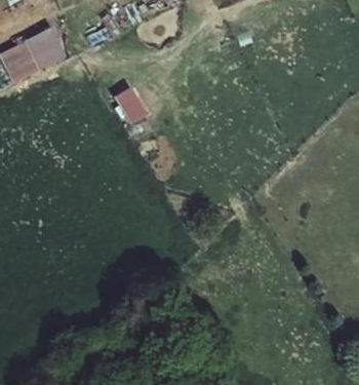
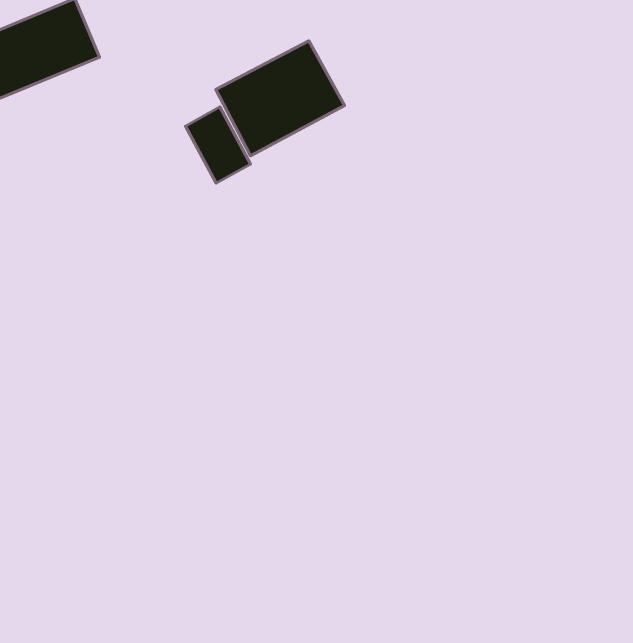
building: none -> [216,41,345,156]

